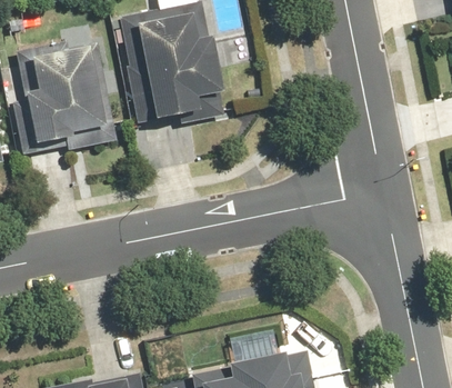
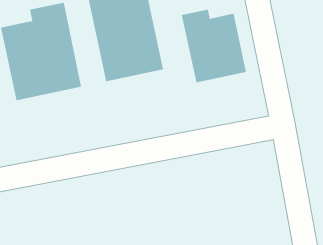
building: none -> [181,9,247,83]

